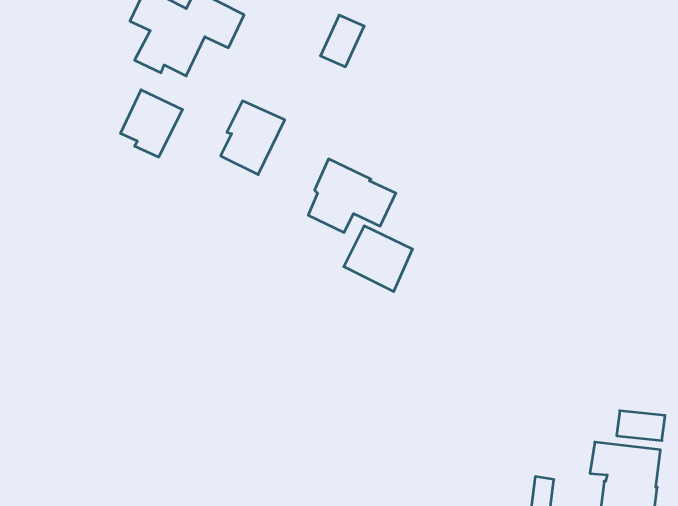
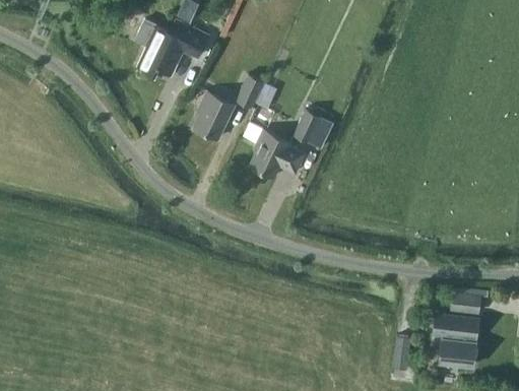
building: [320,15,364,67] -> [236,74,264,108]
building: [121,90,183,157] -> none
building: [344,226,413,292] -> [293,109,337,151]

